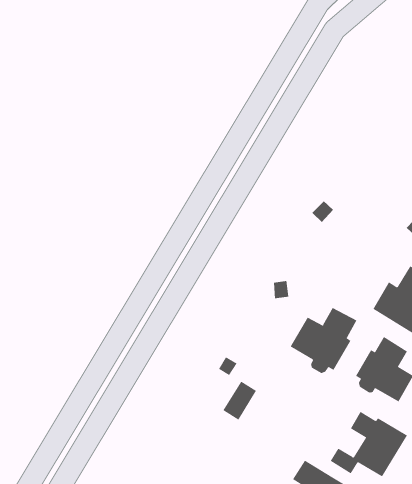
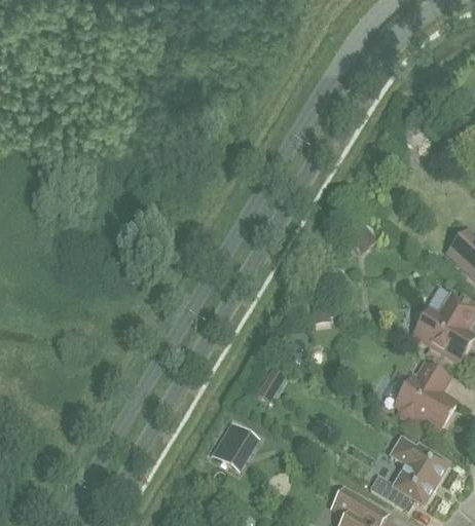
building: [290,307,357,374] -> none
building: [222,381,257,420] -> [214,423,249,463]

